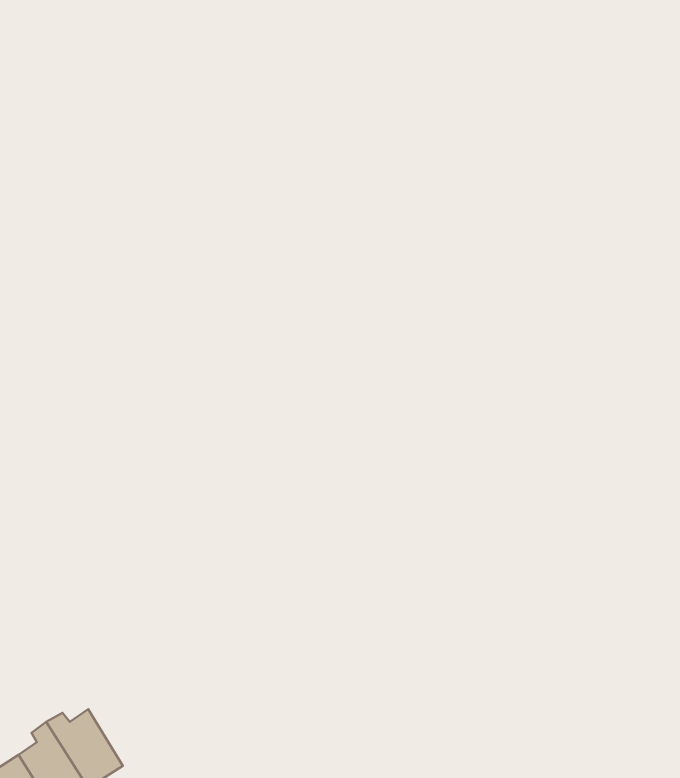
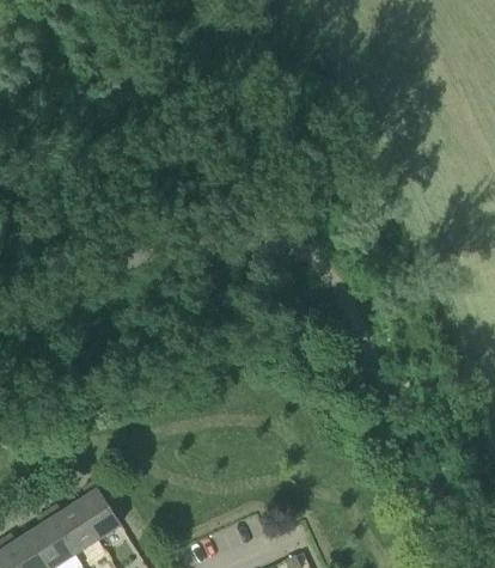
building: none -> [74,483,121,540]

